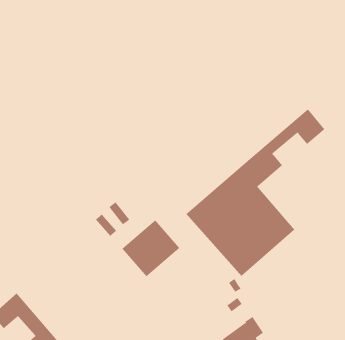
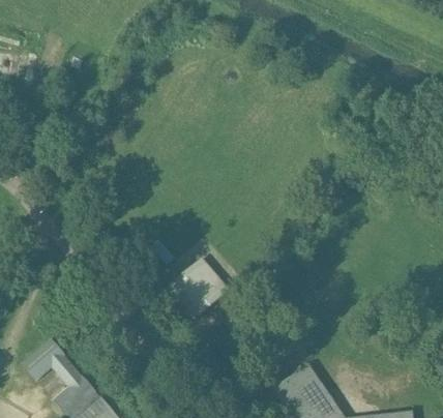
building: [186,108,325,277] -> none

